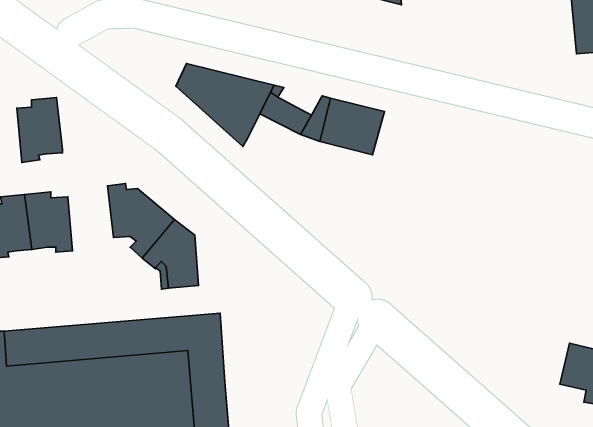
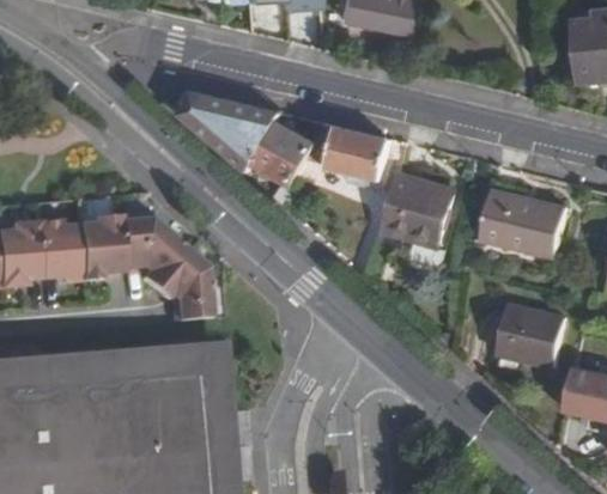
building: [17,98,63,162] -> [73,213,119,278]
building: none -> [253,141,305,188]
building: none -> [378,172,456,249]
building: none -> [480,189,565,257]
building: none -> [497,305,565,368]

